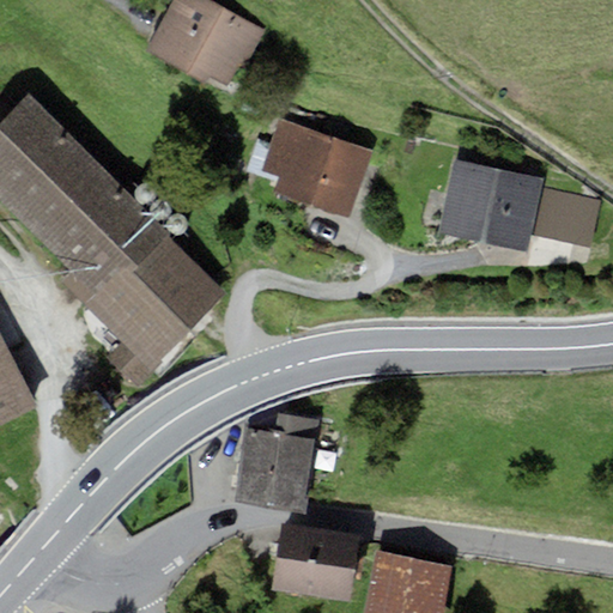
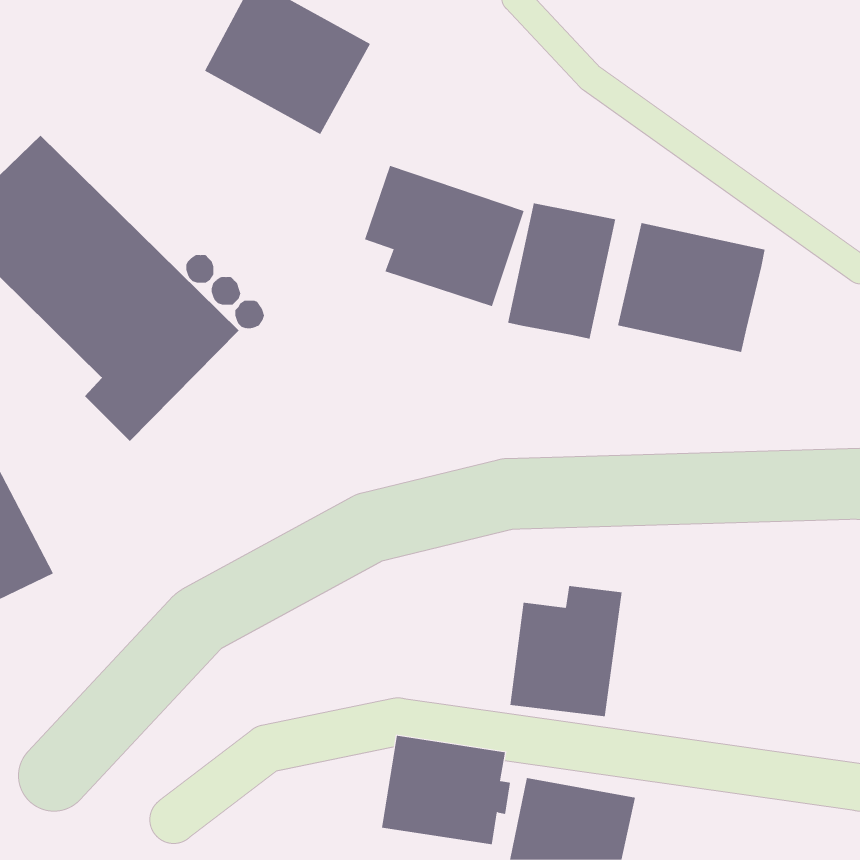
building: none -> [508,203,616,339]
building: [530,189,600,245] -> none
building: [92,235,229,386] -> none
building: [236,414,316,508] -> [509,585,622,717]

